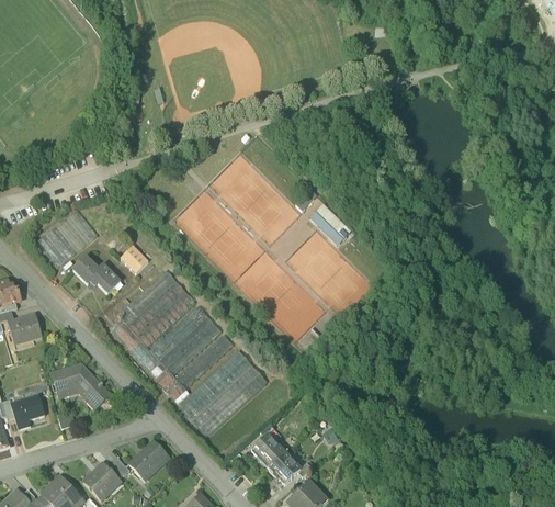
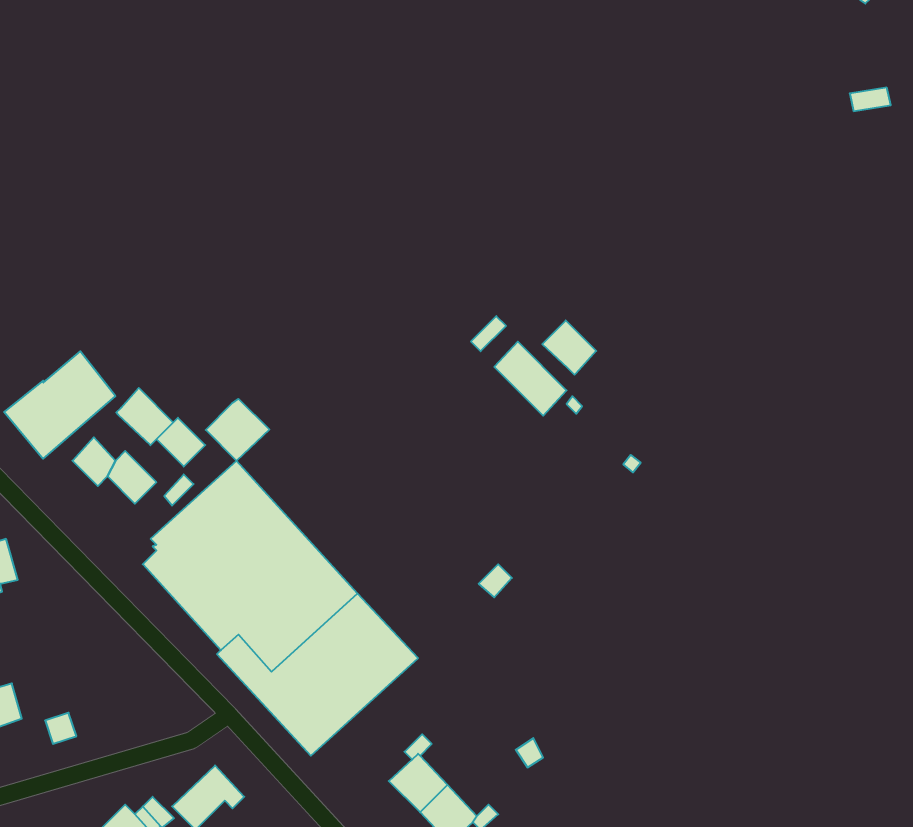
building: none -> [542,320,596,375]
building: none -> [116,388,173,445]
building: none -> [206,399,269,461]
building: [52,363,109,408] -> none

